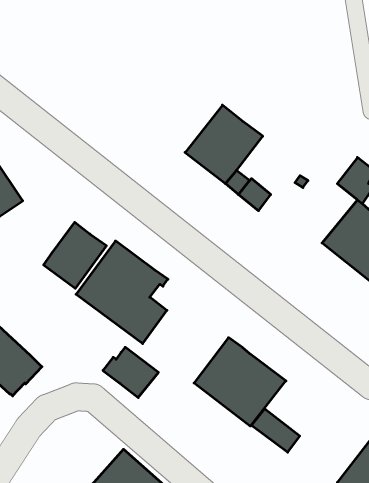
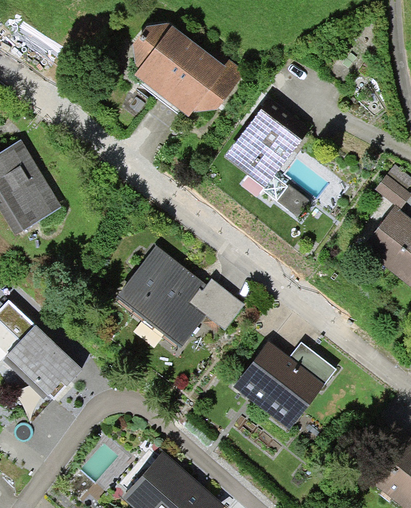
building: none -> [133,23,244,121]
building: [44,222,106,288] -> none
building: [103,347,158,398] -> [189,279,244,329]
building: [251,409,300,452] -> [288,342,336,385]

